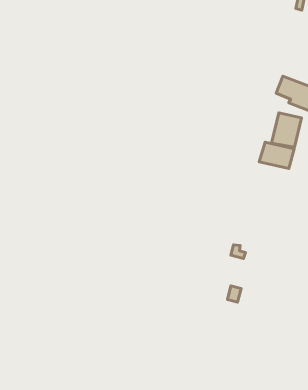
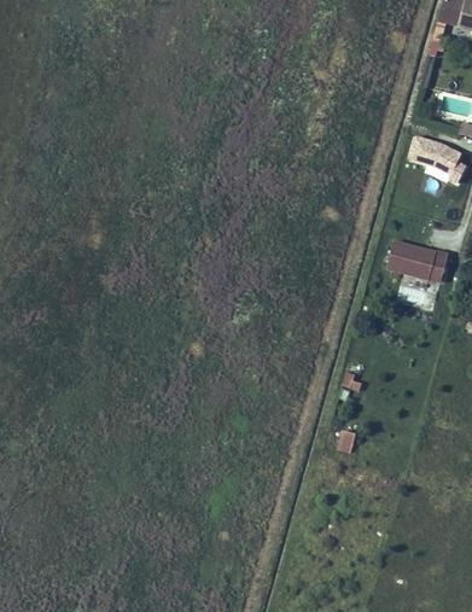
building: [272,113,301,147] -> none

